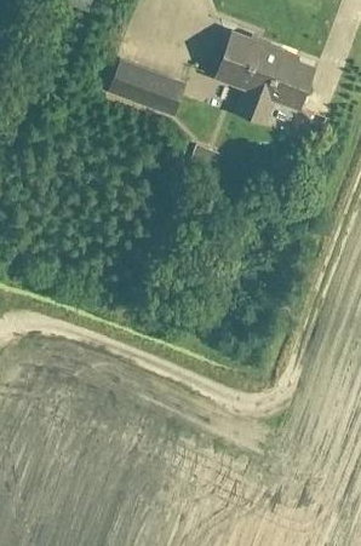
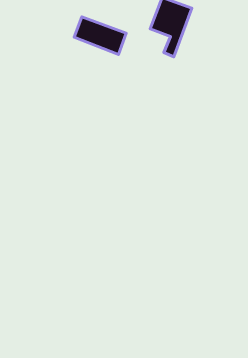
building: [251,48,314,122] -> none

